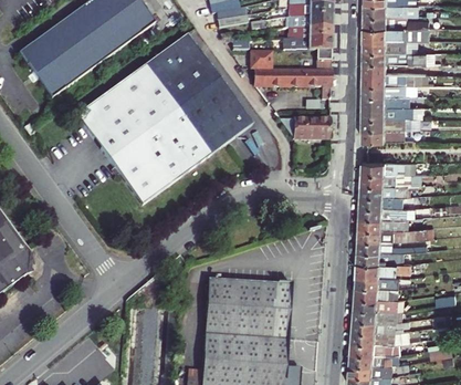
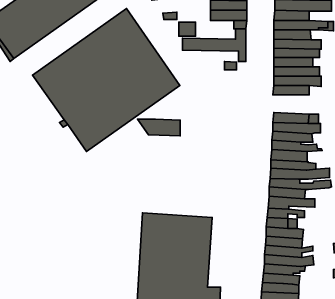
building: [279,116,329,136] -> [137,119,180,136]

